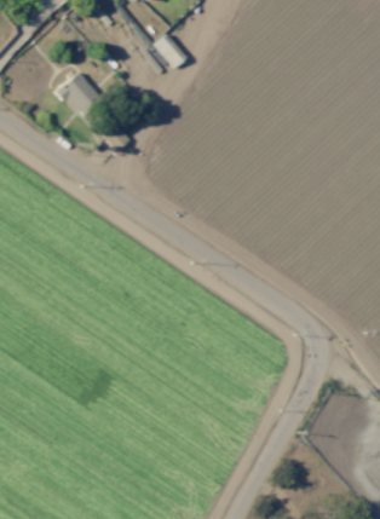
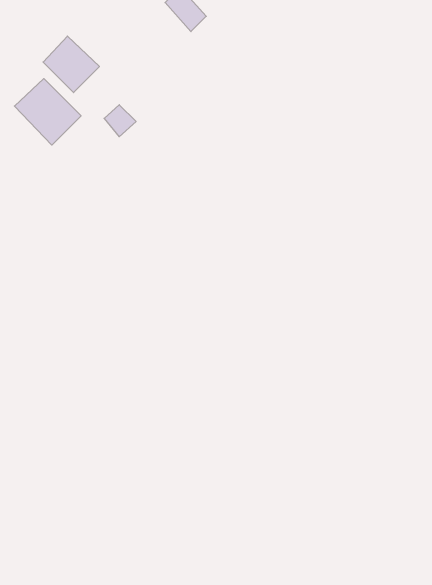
building: none -> [14,79,81,145]

